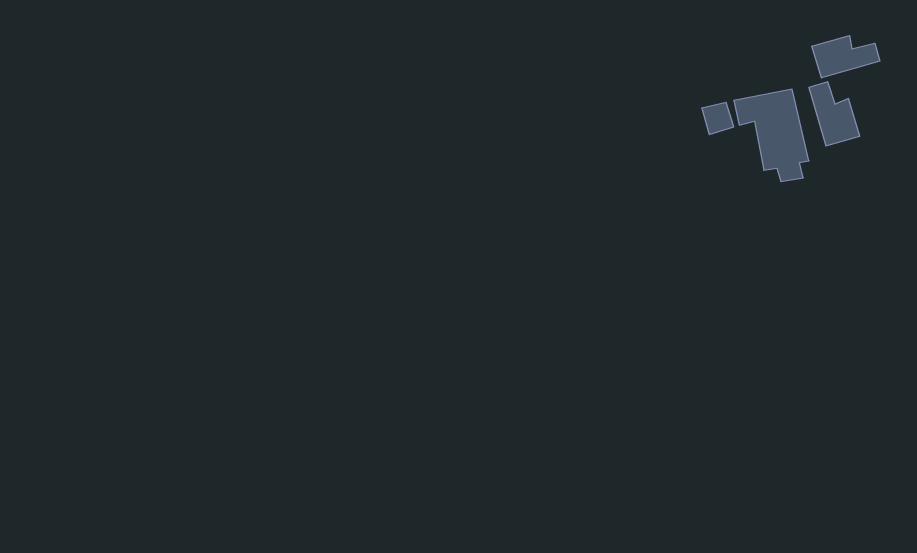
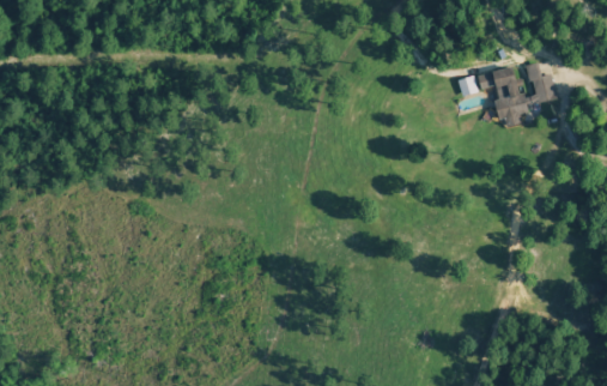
building: [812,36,880,78] -> none

